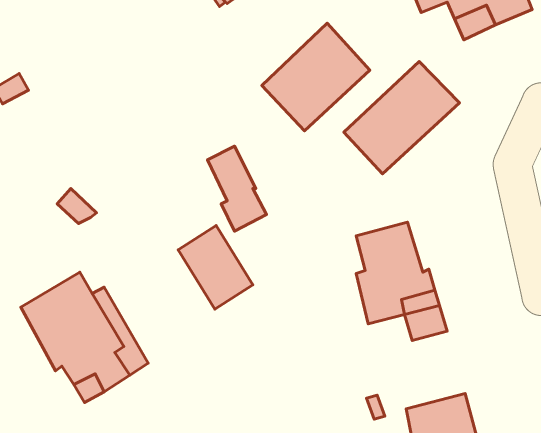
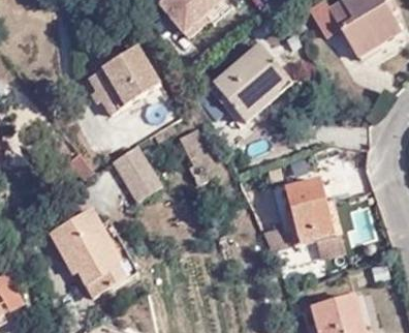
building: none -> [86,46,157,113]
building: [344,62,459,174] -> none
building: [178,226,253,309] -> [111,142,161,199]

